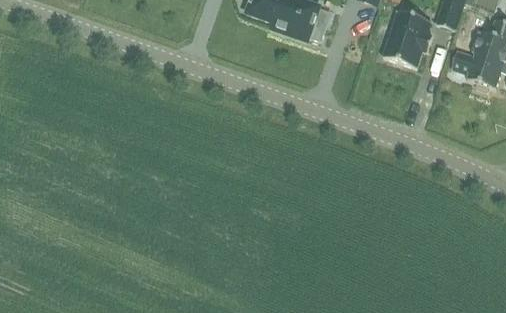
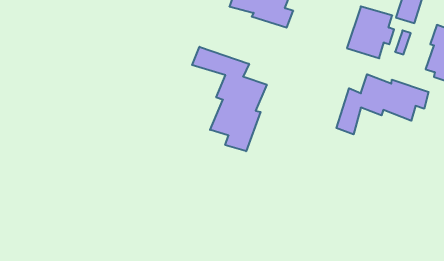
building: none -> [192,47,267,151]
building: none -> [336,74,429,134]

